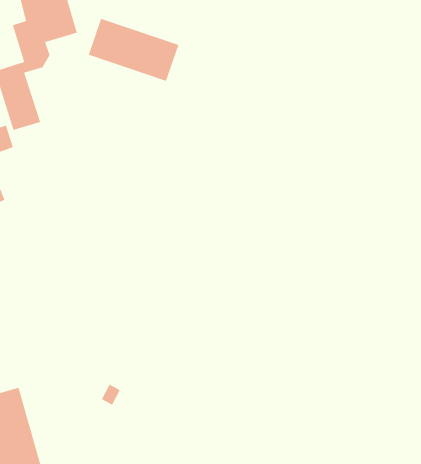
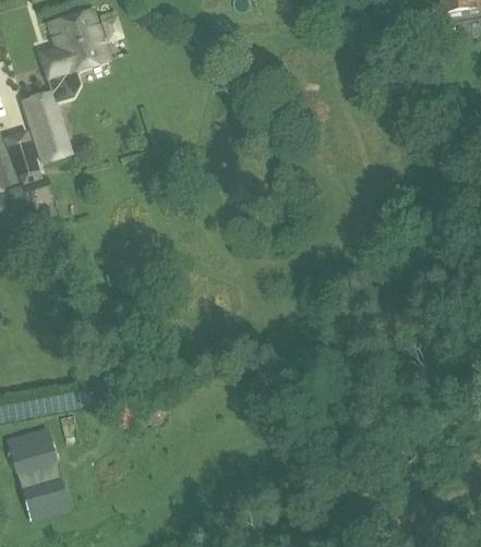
building: [88,18,179,82] -> none

